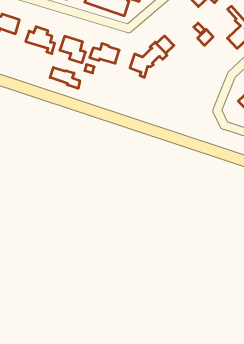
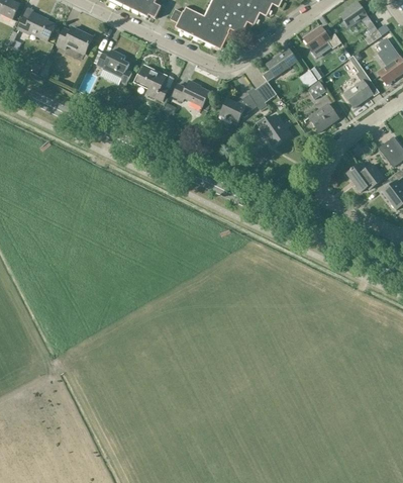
building: none -> [262,49,296,82]
building: none -> [307,104,337,132]
building: none -> [256,114,288,146]
building: [50,67,80,88] -> none

